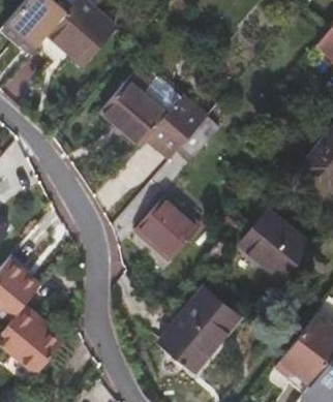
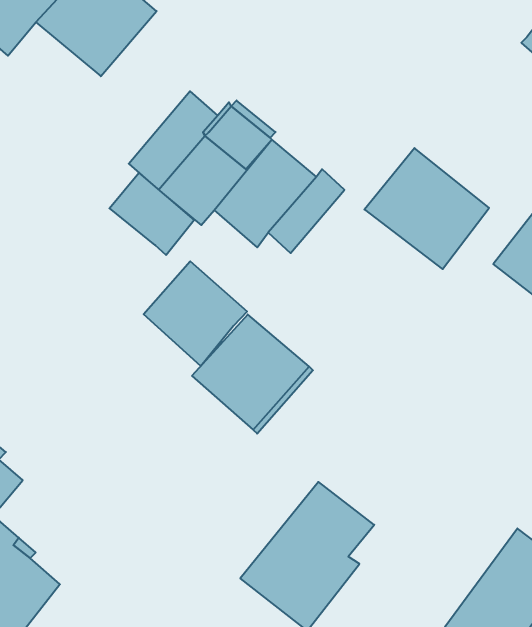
building: none -> [109,173,194,255]
building: none -> [144,261,247,366]
building: [239,211,308,278] -> [364,148,489,269]

